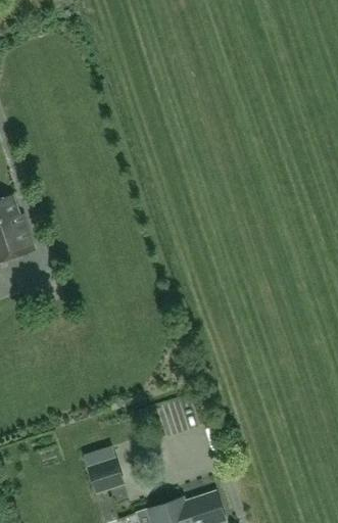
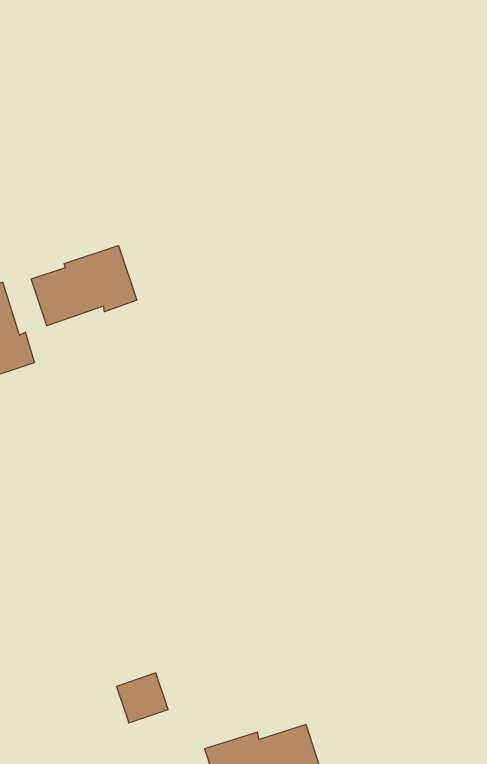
building: none -> [31,246,137,326]

